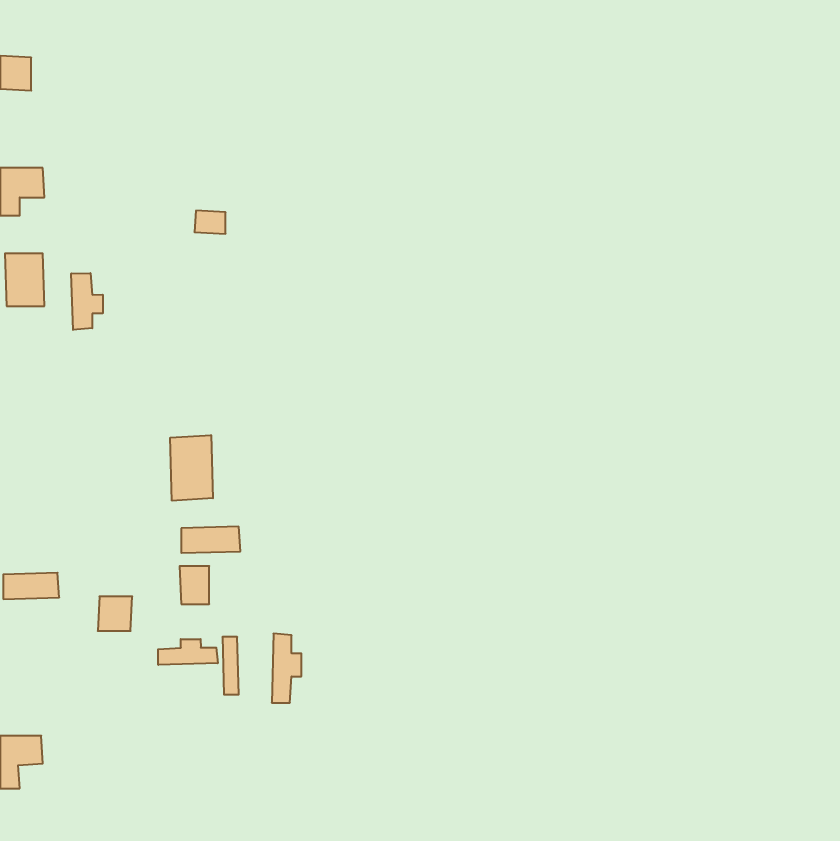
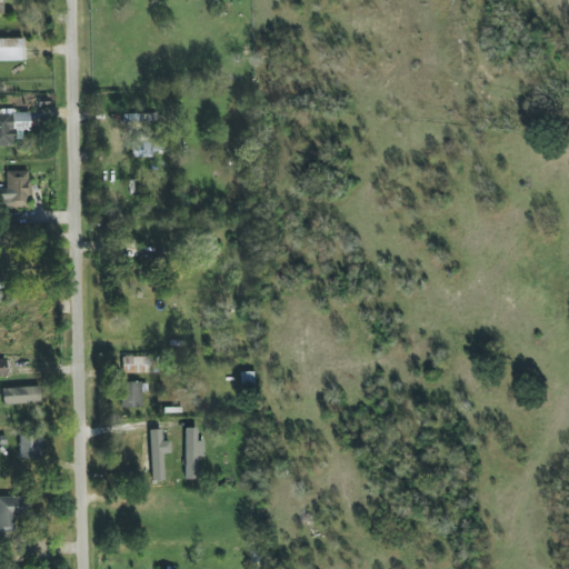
building: [71,273,103,330] -> none
building: [170,435,213,501] -> none
building: [98,596,132,631] -> [20,436,43,459]
building: [158,639,218,665] -> none

